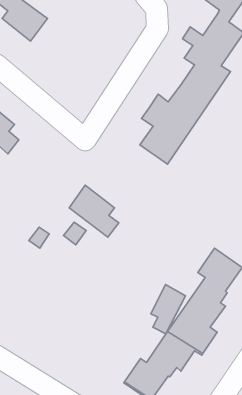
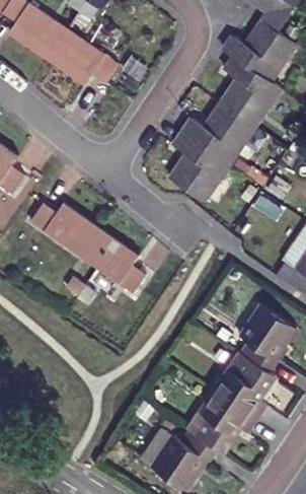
building: none -> [39,28,109,83]
building: none -> [40,203,104,257]
building: [151,285,185,334] -> none

